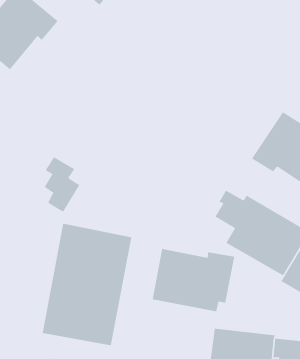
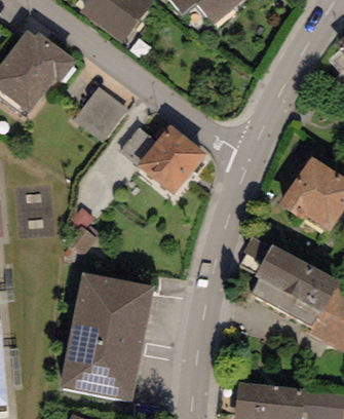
building: none -> [75,86,128,140]
building: none -> [138,123,206,193]
building: [152,248,235,312] -> none

